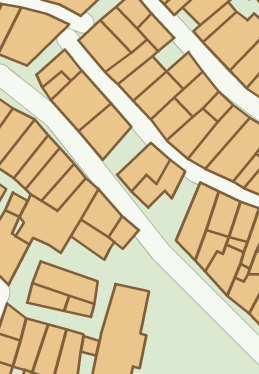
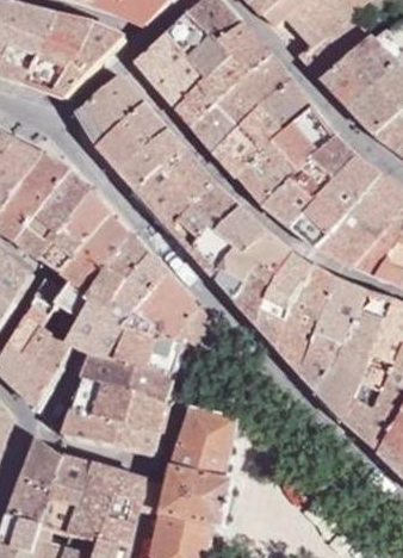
building: none -> [241,58,292,106]
building: none -> [170,185,238,253]
building: none -> [235,248,309,346]
building: none -> [82,340,173,404]

